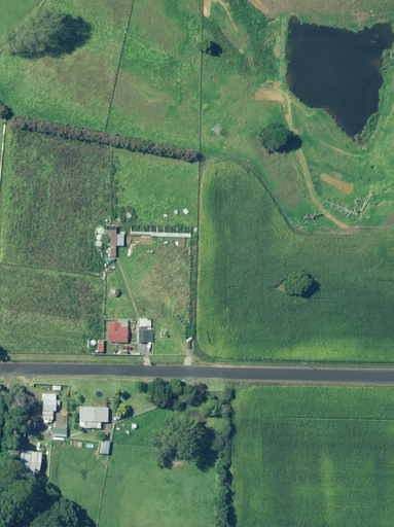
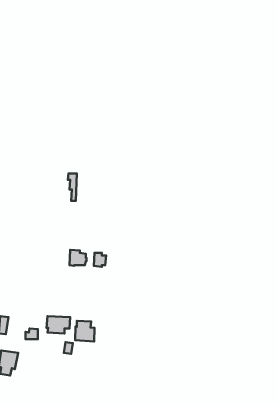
building: [41,391,57,421] -> none
building: none -> [75,321,95,342]

